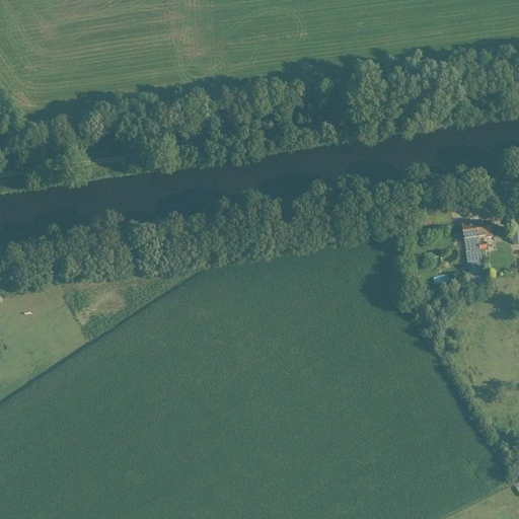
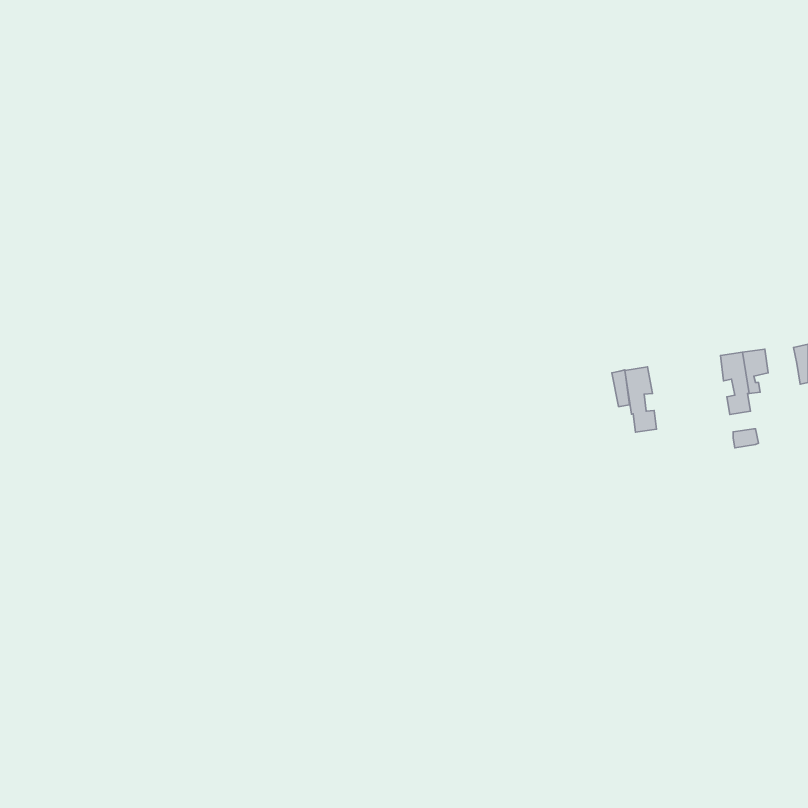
building: none -> [625,367,657,432]

